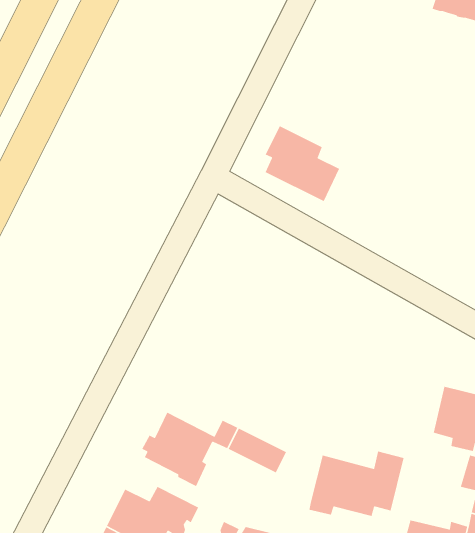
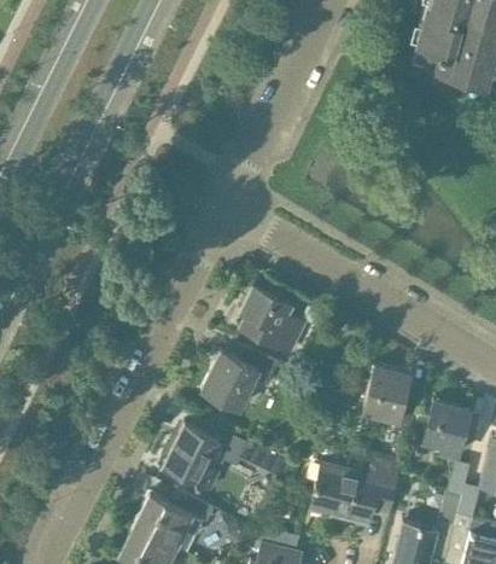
building: [265,125,340,202] -> [239,287,307,356]
building: none -> [200,349,279,412]
building: none -> [362,367,419,437]

